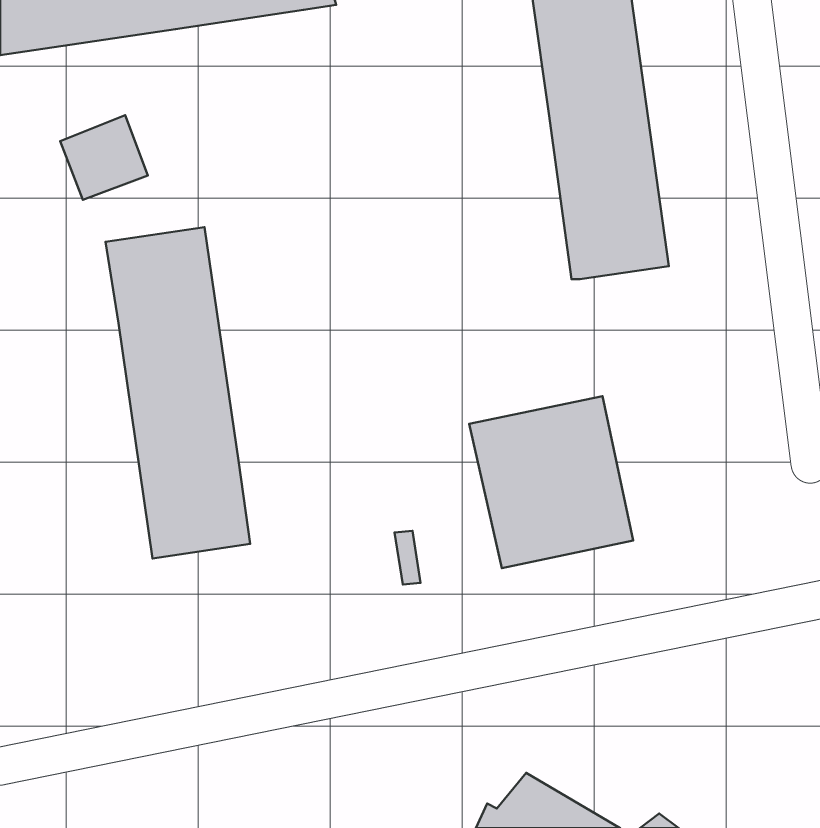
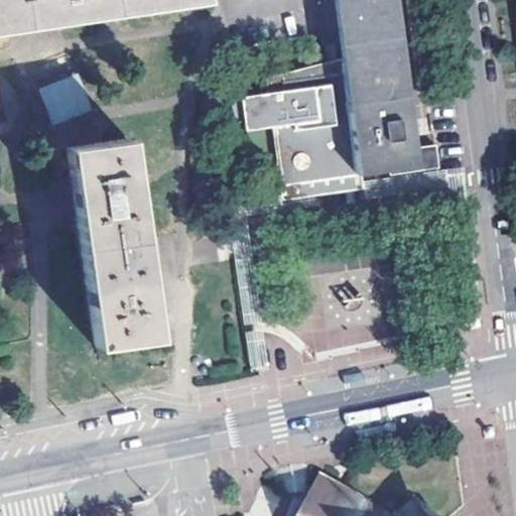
building: none -> [245,71,369,200]

